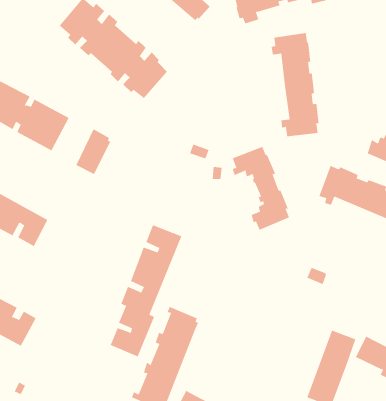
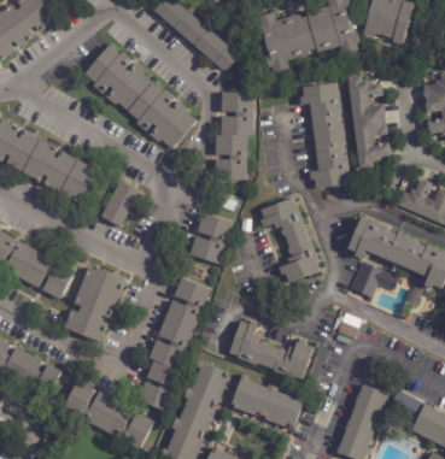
building: none -> [346,73,390,167]
building: none -> [213,90,252,178]
building: none -> [188,212,232,264]
building: none -> [351,261,398,301]
building: none -> [62,266,123,342]
building: none -> [229,320,314,379]
building: none -> [230,373,304,429]
building: none -> [62,381,153,451]

